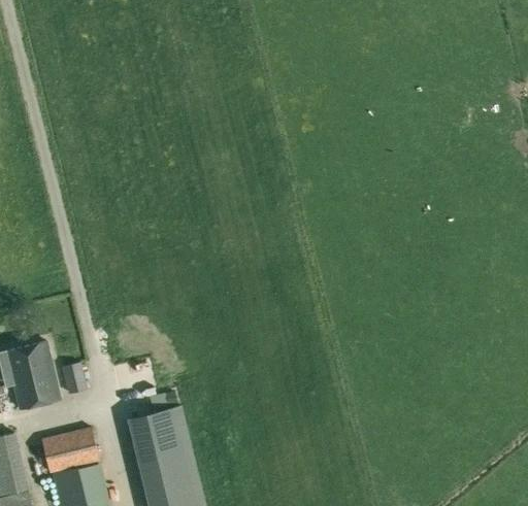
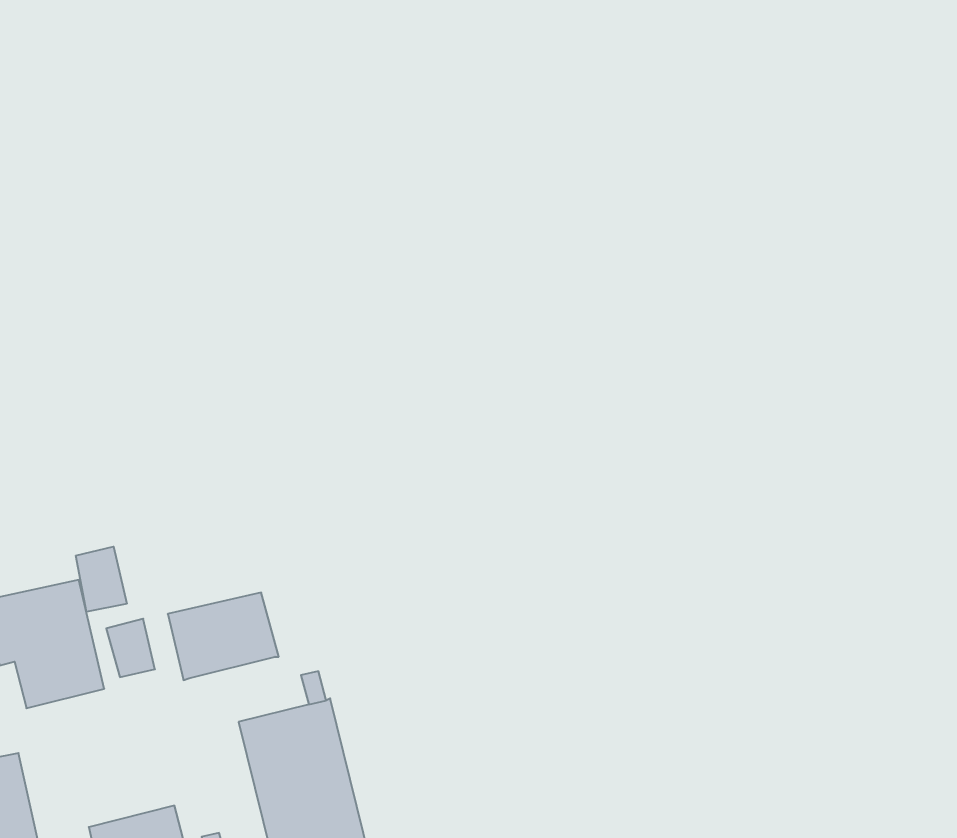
building: none -> [76,547,127,612]
building: [41,428,100,474] -> [168,593,279,680]

